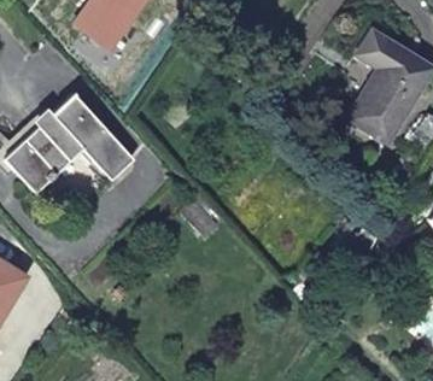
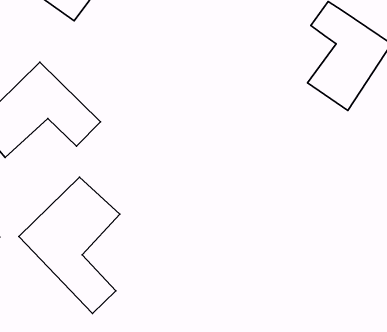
building: none -> [19,177,120,313]

